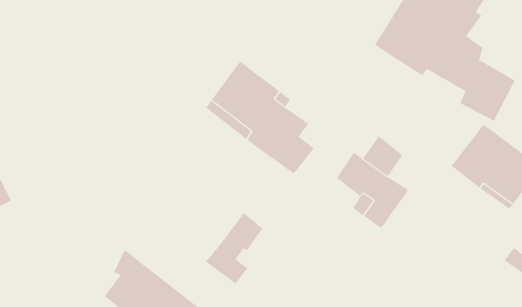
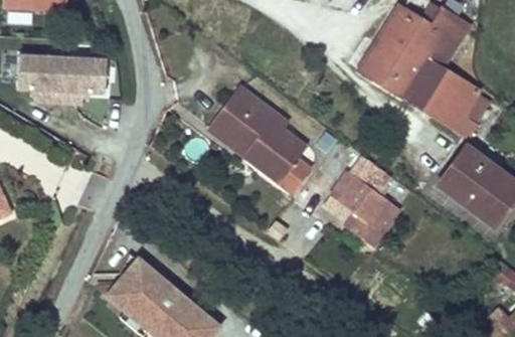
building: none -> [18,54,108,103]
building: [205,212,263,285] -> none

